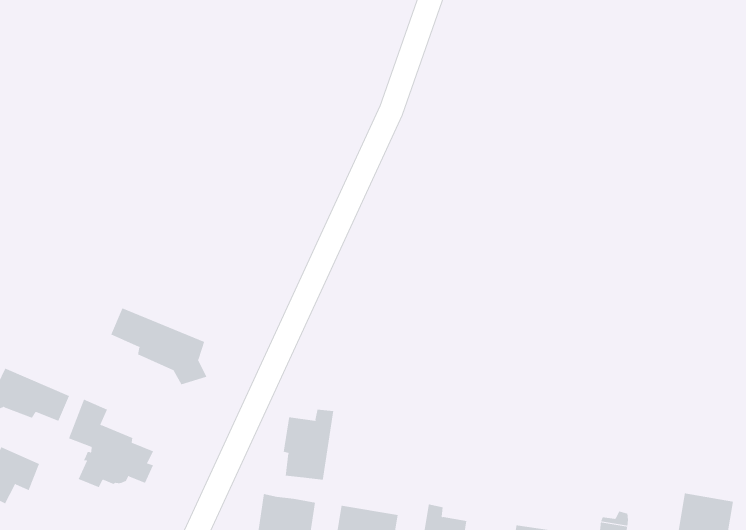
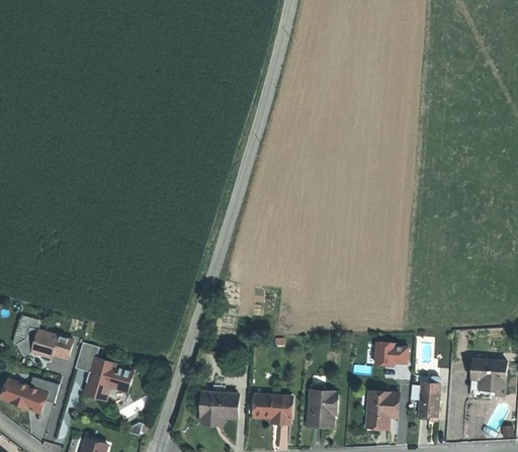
building: [111,308,207,385] -> none
building: [283,409,334,481] -> none
building: none -> [372,341,410,367]

